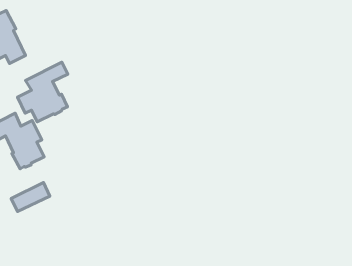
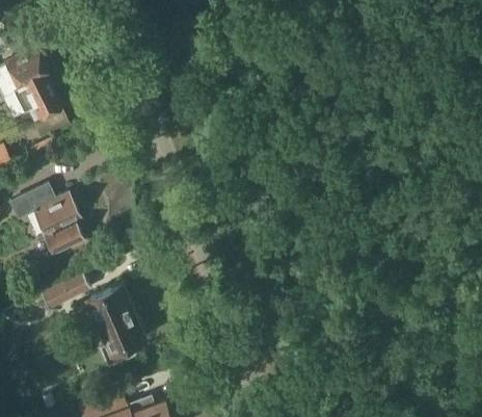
building: [17,62,68,122] -> none
building: none -> [90,285,146,367]

